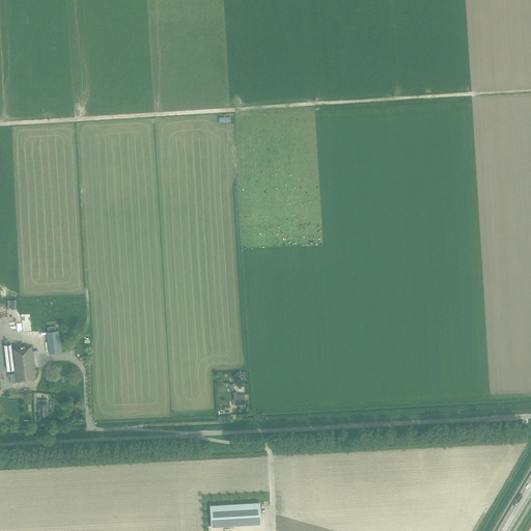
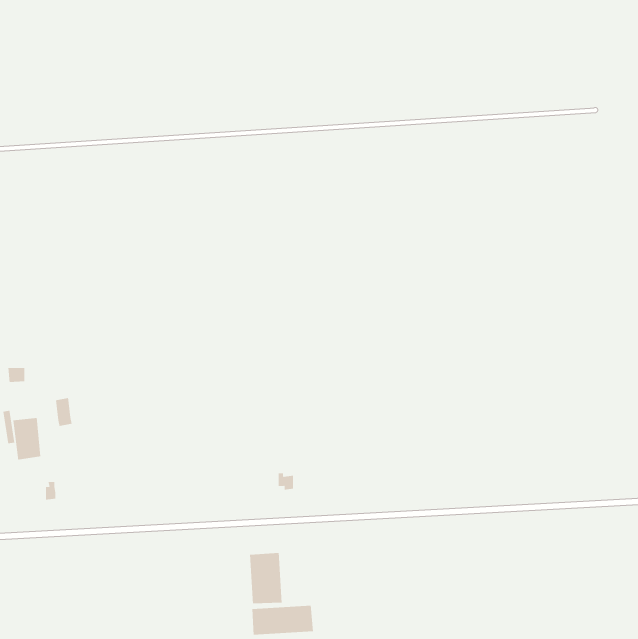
building: none -> [250,552,282,604]

